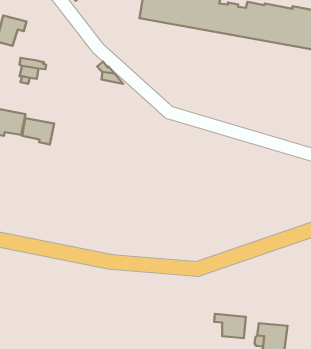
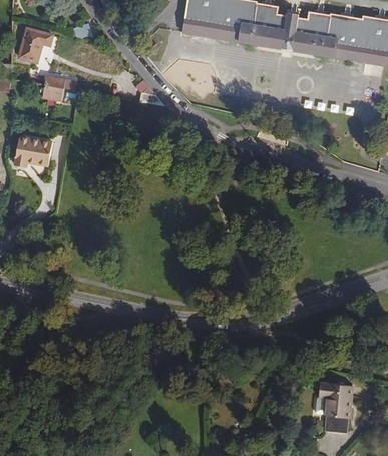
building: [22,118,54,145] -> none
building: [214,314,246,338] -> none

